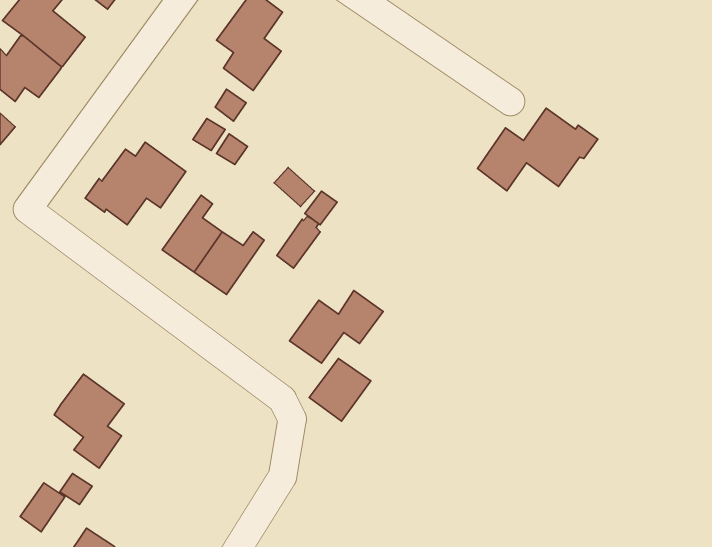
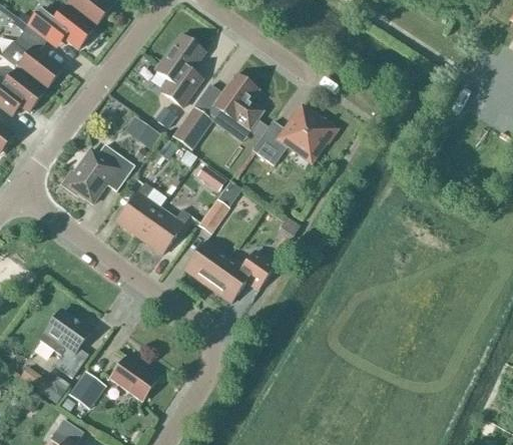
building: none -> [172,72,264,149]
building: [477,108,598,191] -> [252,105,339,164]
building: [309,358,371,421] -> [185,241,229,286]
building: none -> [110,355,158,401]
building: [20,483,65,532] -> [69,370,101,405]

